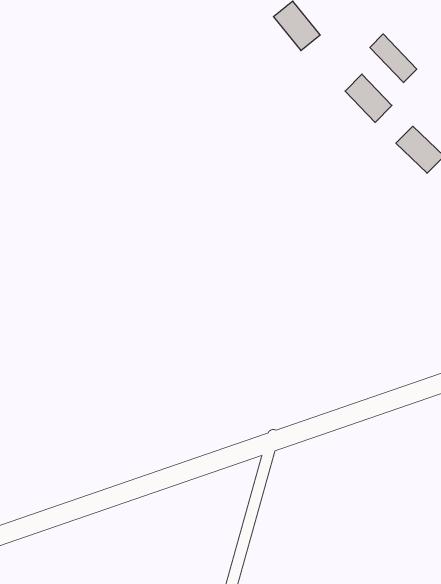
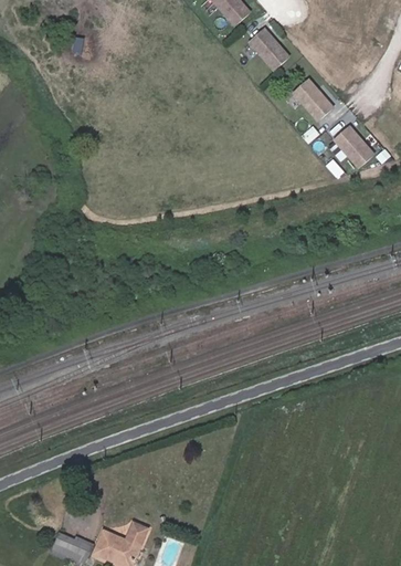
building: [370,34,417,83] -> none

